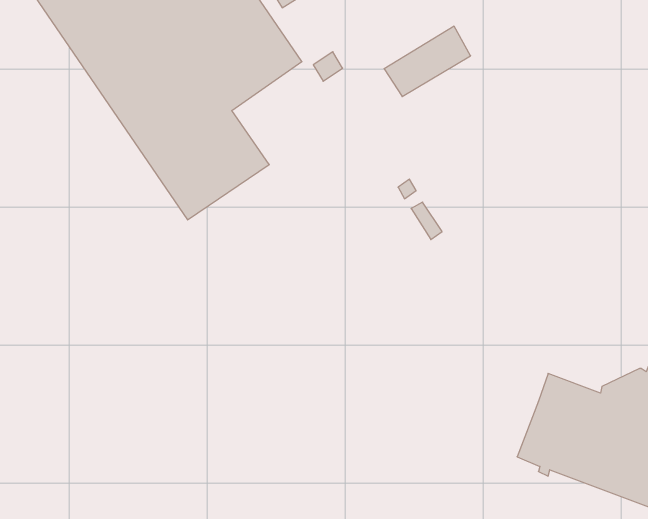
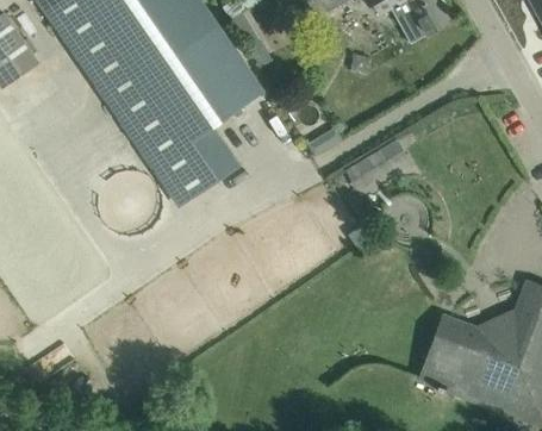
building: [384,26,471,97] -> [345,139,409,190]

